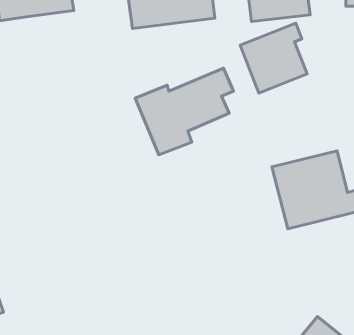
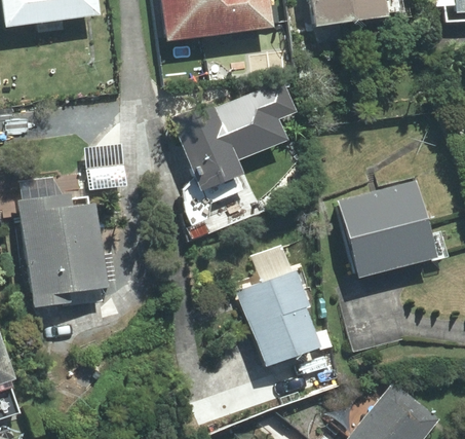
building: [240,23,307,93] -> none
building: none -> [24,198,103,303]
building: none -> [239,243,325,367]

